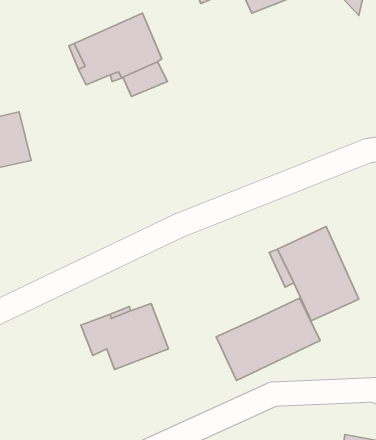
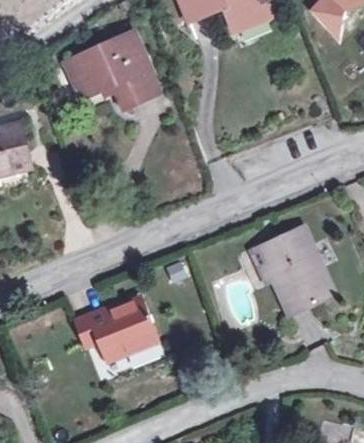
building: [216,298,320,381] -> none

